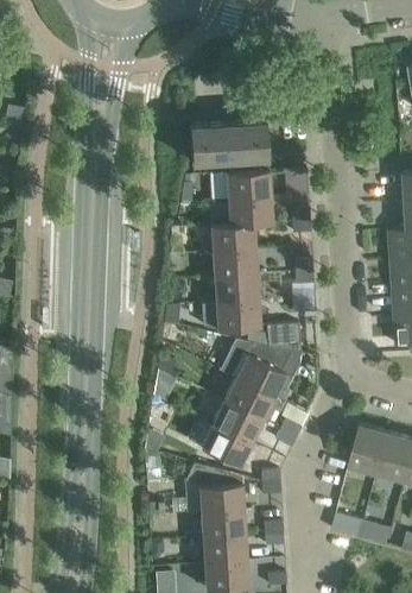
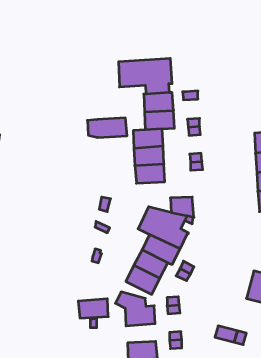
building: [202,303,260,332] -> [87,118,127,137]
building: [349,425,388,474] -> none
building: [201,511,245,540] -> [78,299,108,318]

